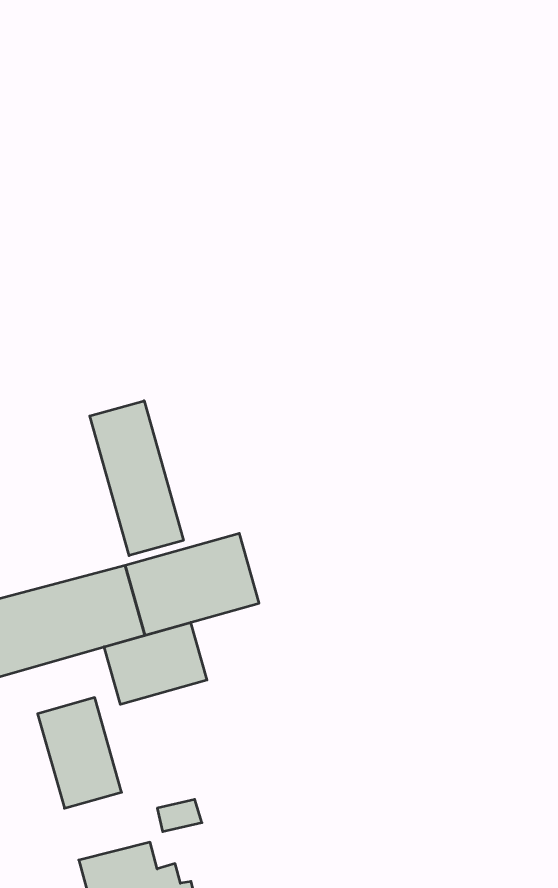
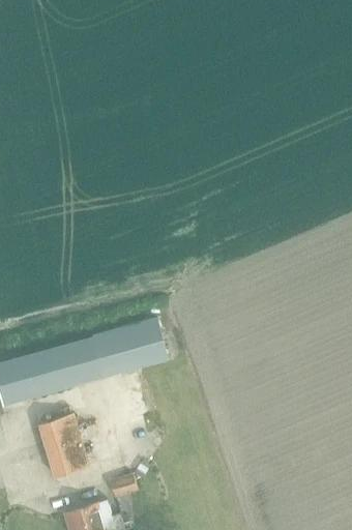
building: [90,401,183,556] -> none
building: [104,622,207,704] -> none

